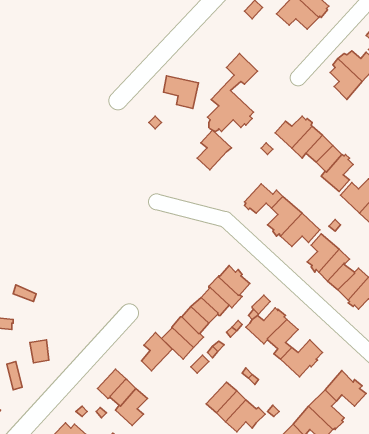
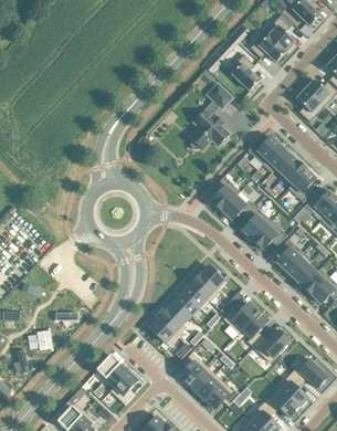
building: none -> [229,54,260,90]
building: [163,76,198,109] -> none
building: [197,130,232,170] -> [211,176,241,210]
building: [141,333,172,371] -> [180,351,207,385]

